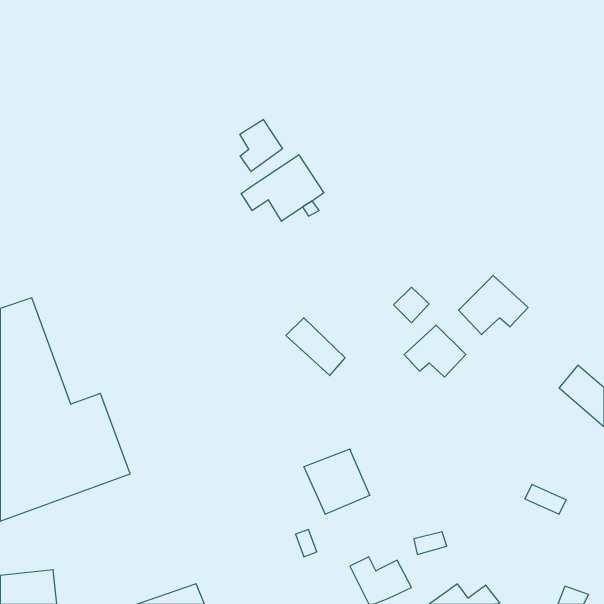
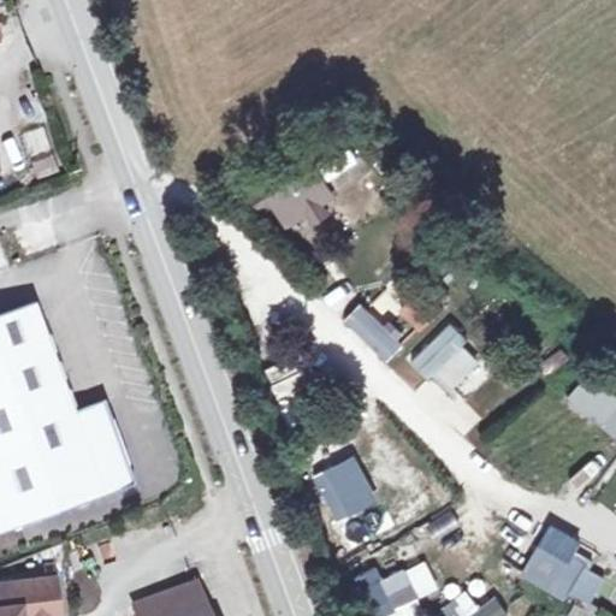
building: [240,119,283,171] -> none
building: [458,275,528,335] -> none
building: [286,318,345,376] -> [343,302,403,361]
building: none -> [529,541,592,591]

